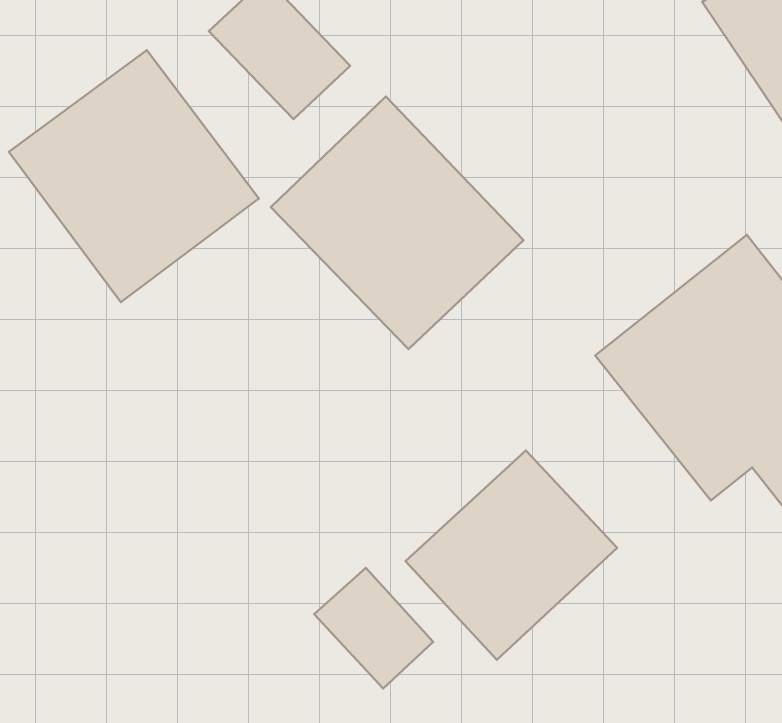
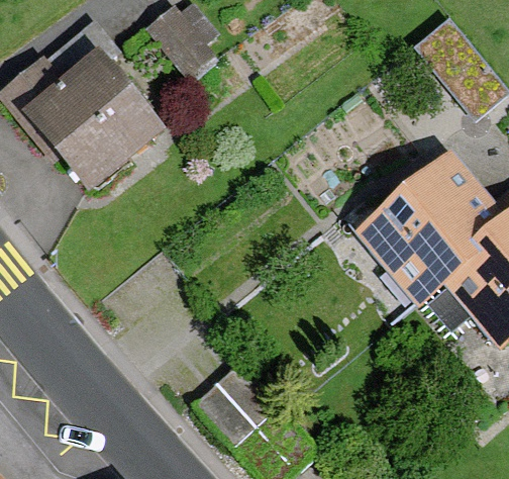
building: [271,97,523,349] -> none
building: [406,451,617,660] -> none

